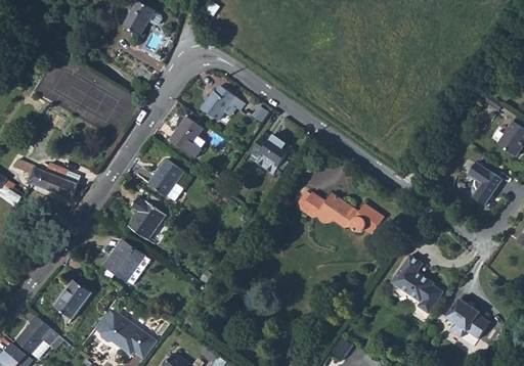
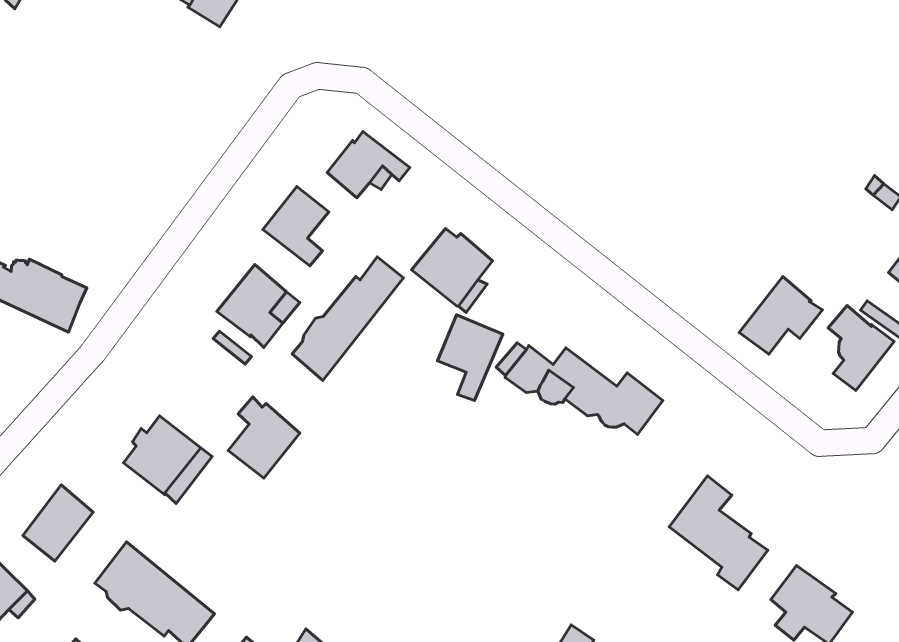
building: none -> [739,276,823,354]
building: none -> [292,257,404,380]
building: none -> [438,315,503,401]
building: [127,197,164,239] -> [228,397,300,478]

